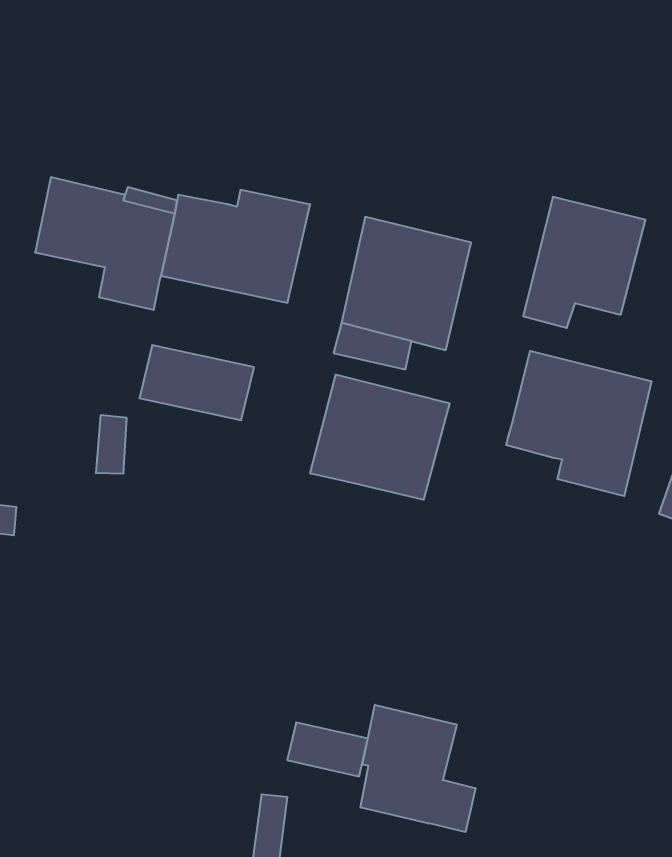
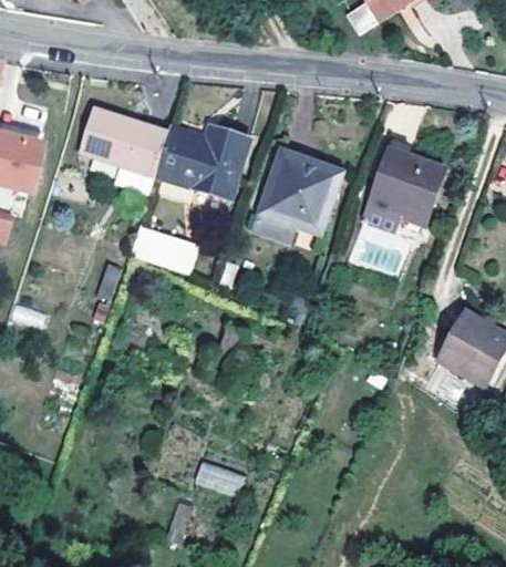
building: [506,351,651,496] -> none
building: [310,375,450,500] -> none
building: [361,705,475,832] -> none

